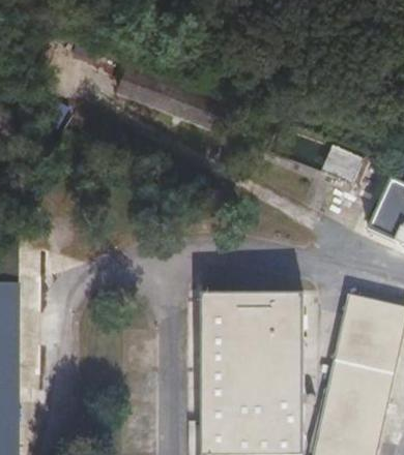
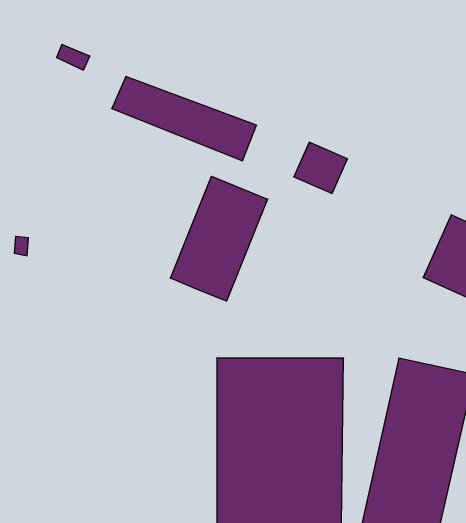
building: [320,144,364,185] -> [294,142,348,193]
building: none -> [170,176,268,301]

